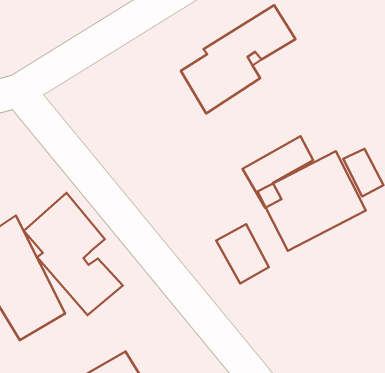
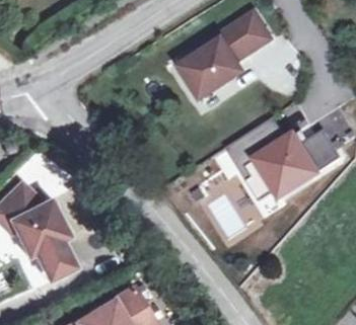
building: [24,193,123,315] -> none

